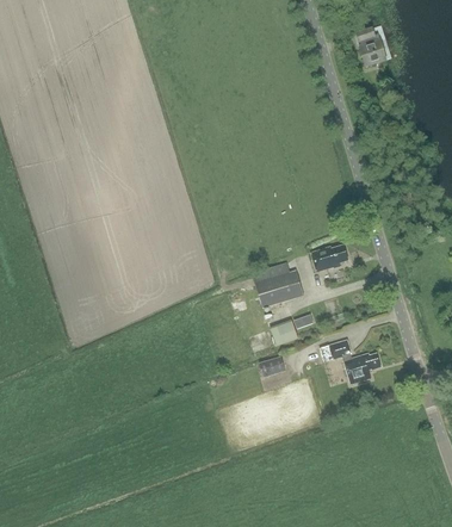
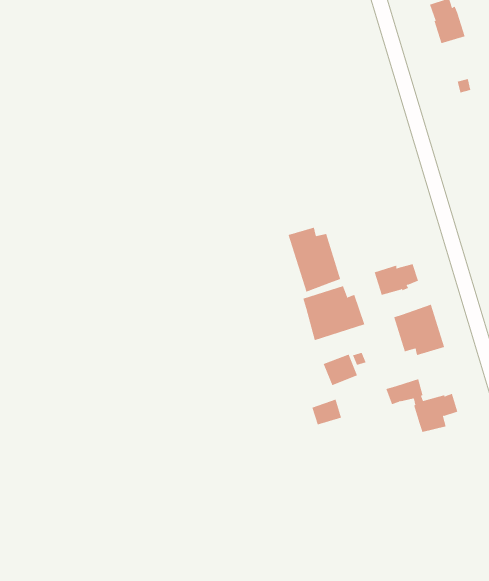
building: none -> [288,227,341,292]
building: none -> [394,304,445,356]

